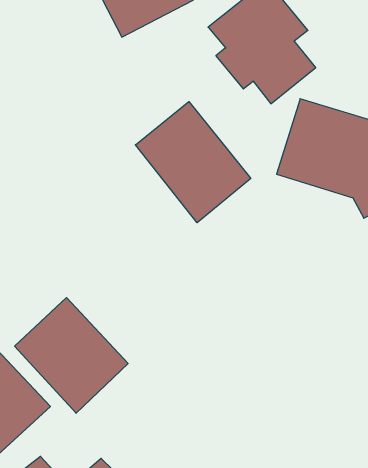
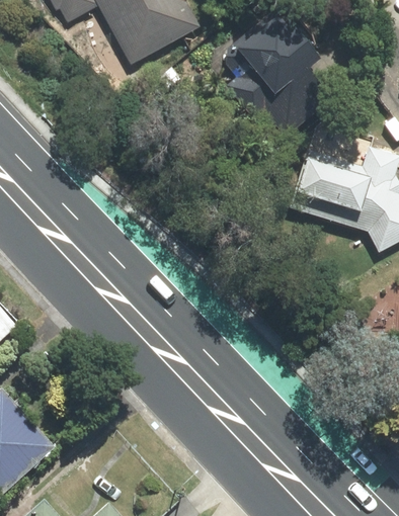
building: [135,102,251,223] -> none
building: [15,298,128,413] -> none

